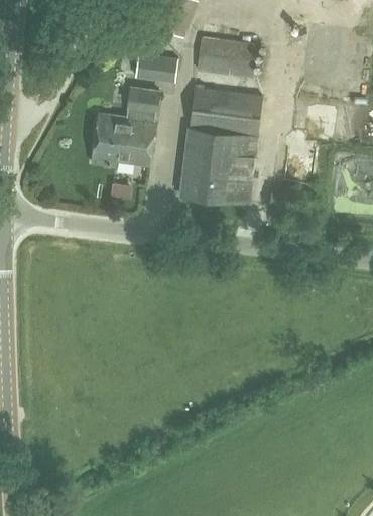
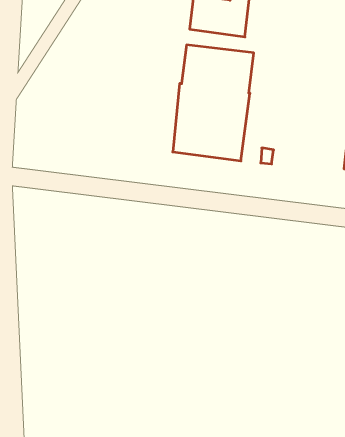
building: [136,54,178,84] -> none
building: [92,87,160,166] -> none

